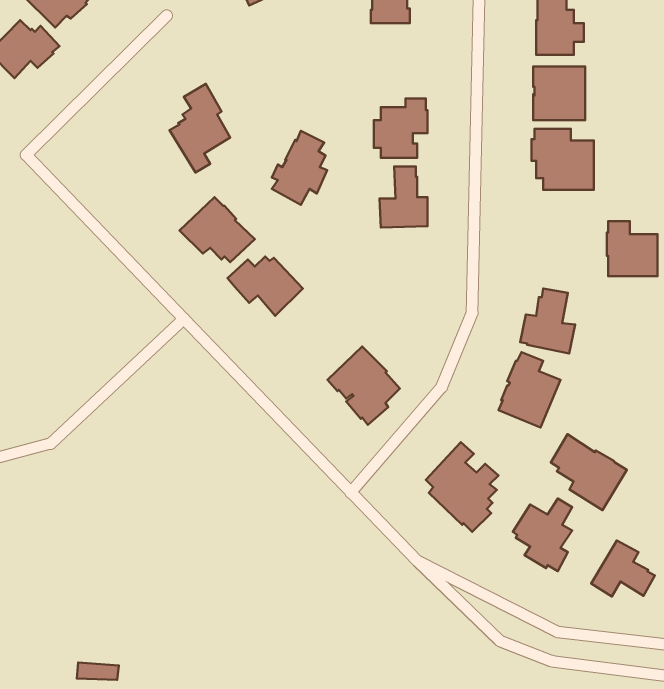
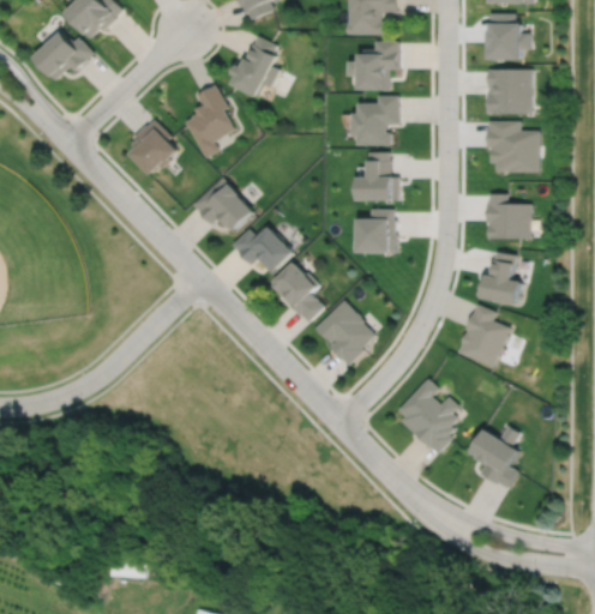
building: none -> [350,41,398,90]
building: none -> [132,120,179,175]
building: [272,131,327,205] -> [234,36,280,97]
building: [607,221,657,276] -> [486,194,528,240]
building: none -> [361,210,396,254]
building: none -> [271,263,324,323]
building: [551,434,627,510] -> none
building: [591,540,655,597] -> none

